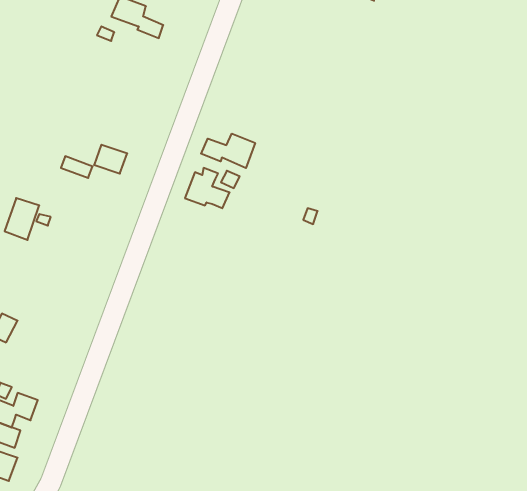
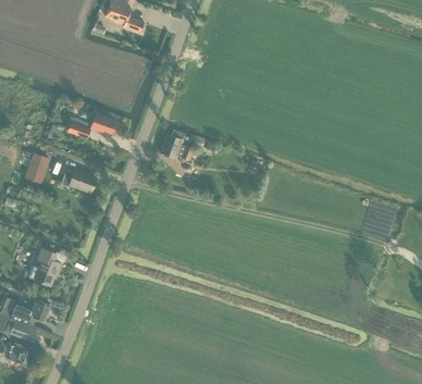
building: [201,134,255,168] -> none
building: none -> [57,169,96,190]
building: none -> [30,248,60,284]

